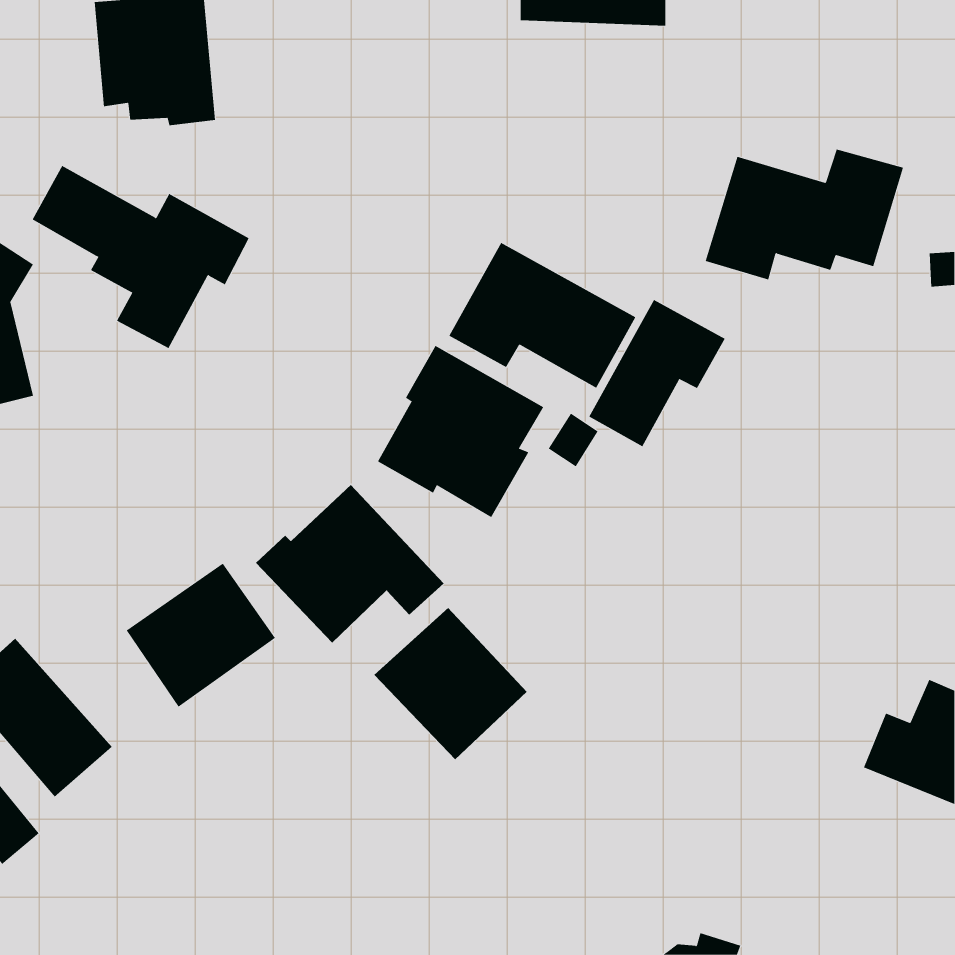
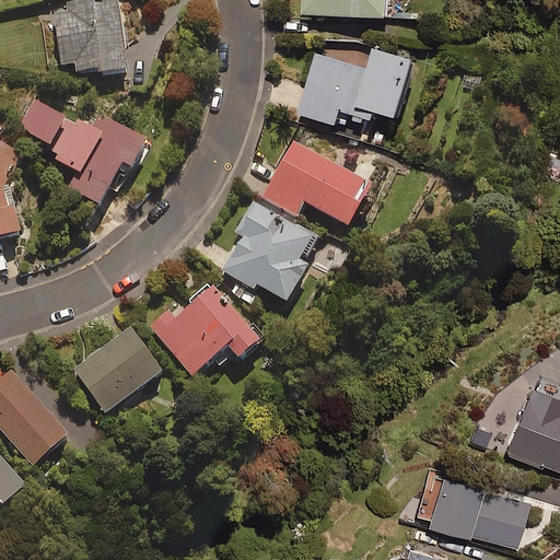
building: [705,149,904,280] -> [300,46,416,122]
building: [588,299,725,447] -> none
building: [374,607,528,760] -> none
building: none -> [424,469,528,545]

